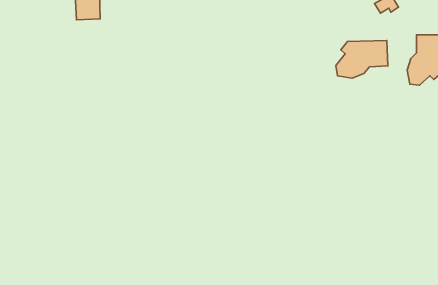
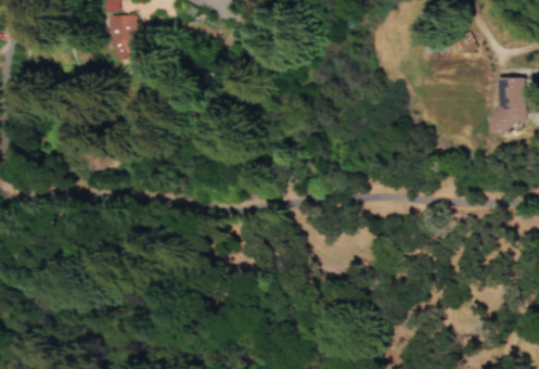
building: [336,40,388,78] -> none

